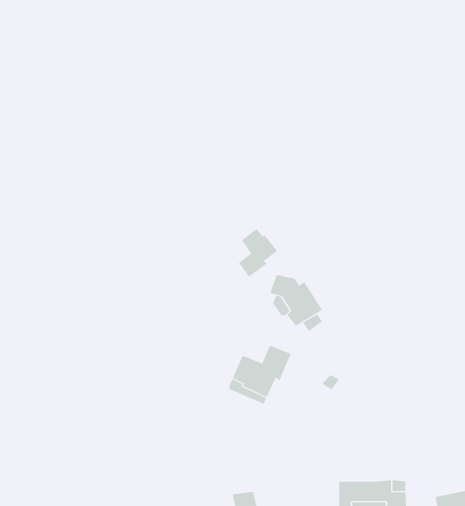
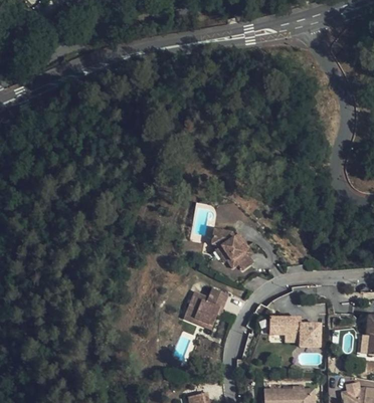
building: [238,228,278,277] -> none
building: none -> [270,312,322,342]

